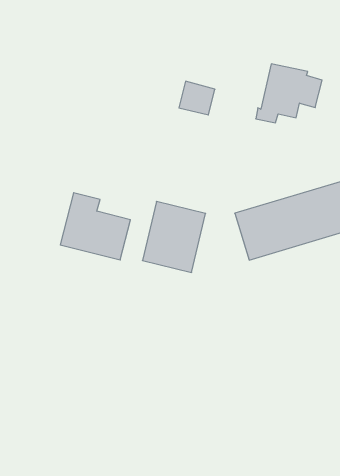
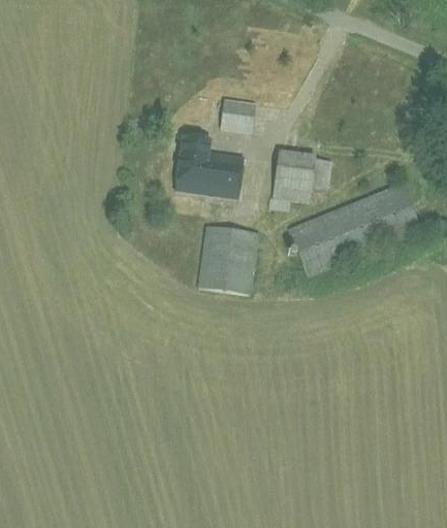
building: [256,64,322,123] -> [267,150,331,209]
building: [60,193,130,260] -> [173,134,243,198]

